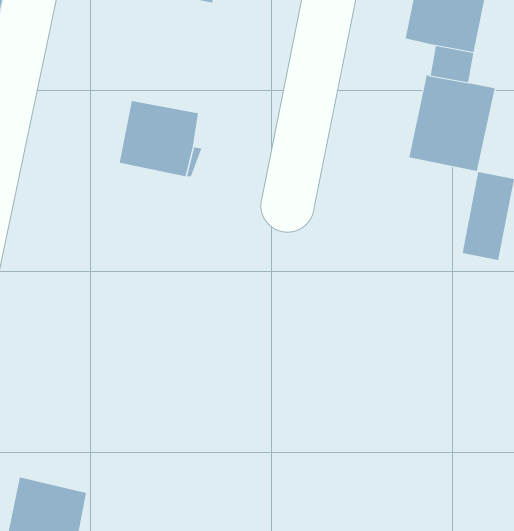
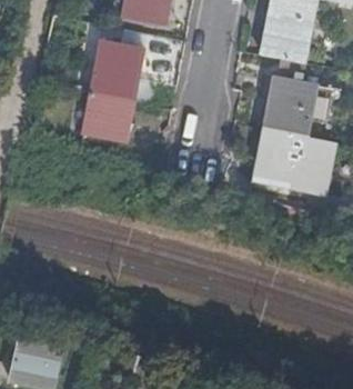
building: none -> [90,40,143,100]
building: none -> [253,128,306,188]

